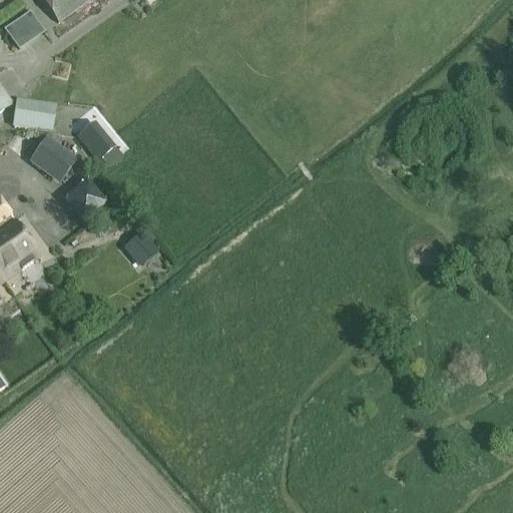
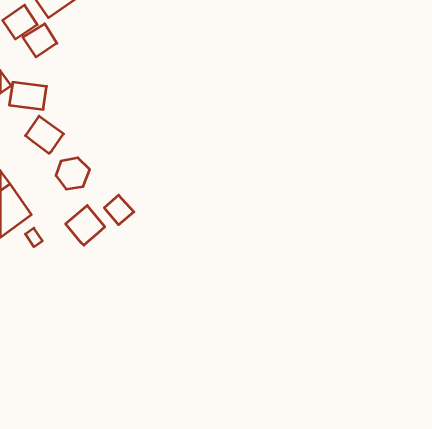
building: none -> [23,24,57,57]
building: [79,122,116,159] -> none
building: none -> [66,205,105,245]

